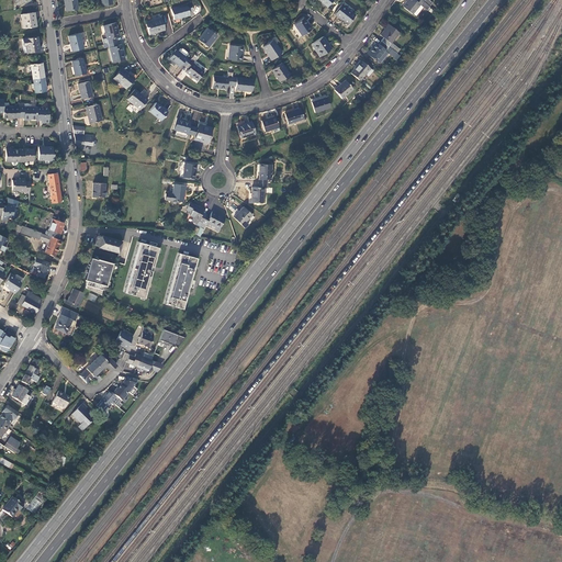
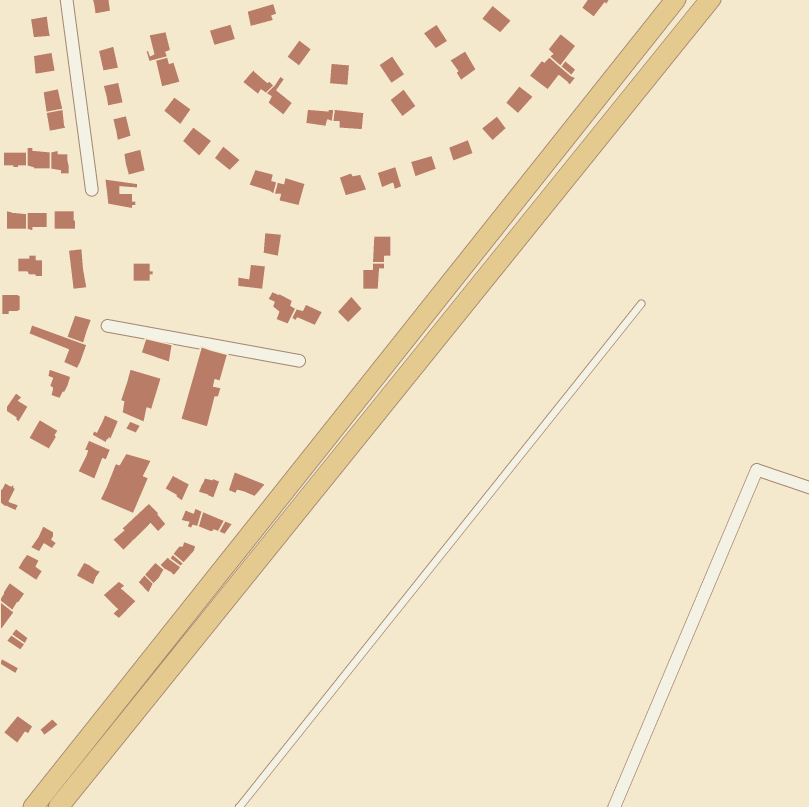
building: [166,252,196,307] -> none
building: none -> [100,453,152,514]

